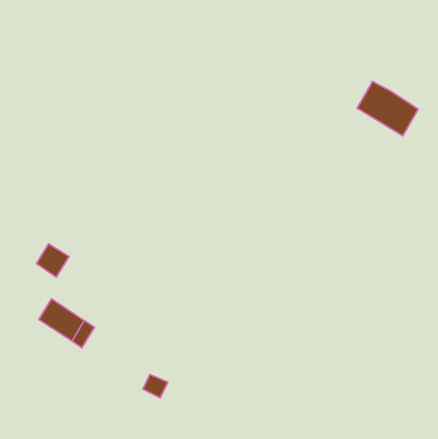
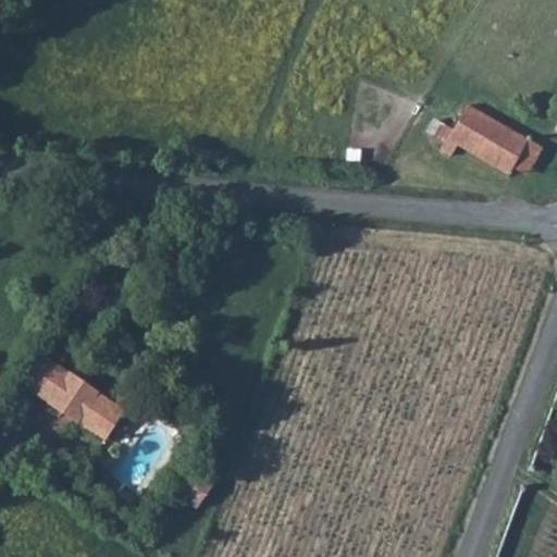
building: [37,244,69,277] -> [26,362,67,405]

